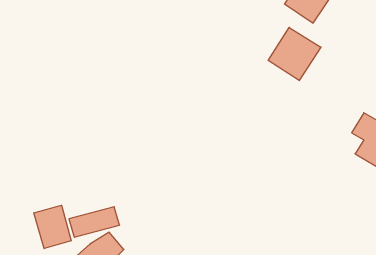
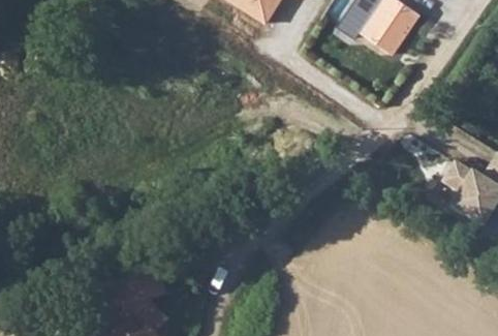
building: [268,27,321,81] -> none
building: [34,205,71,249] -> none

